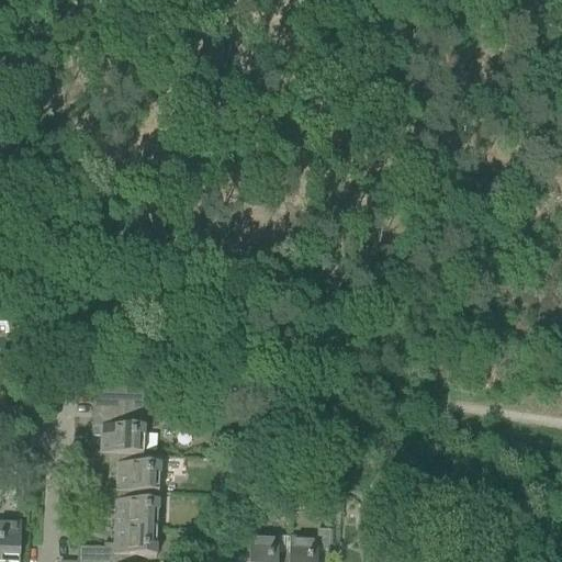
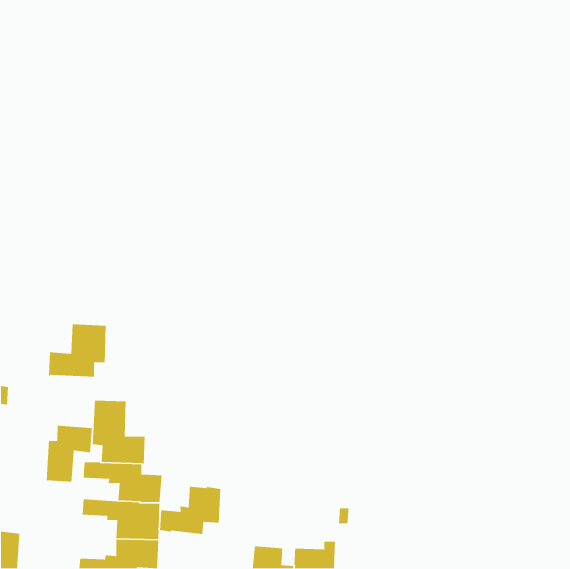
building: none -> [48,324,106,378]
building: none -> [46,425,93,483]
building: none -> [159,486,221,535]

